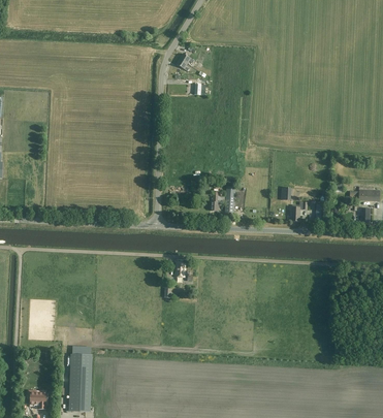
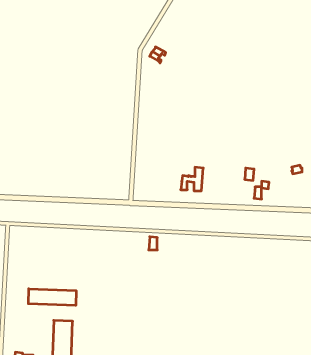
building: none -> [28,289,76,305]

